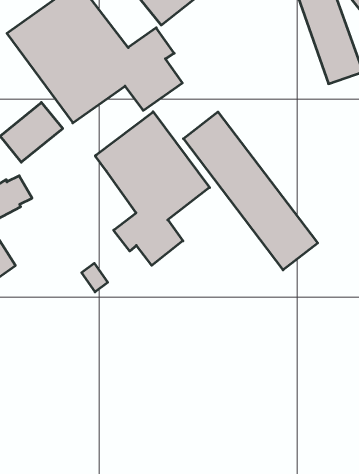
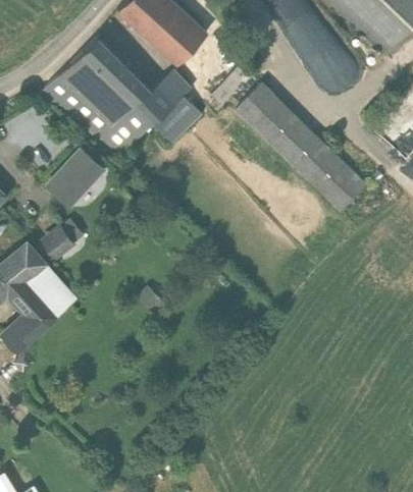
building: [95,112,210,265] -> none
building: [183,112,318,270] -> [234,81,367,214]

